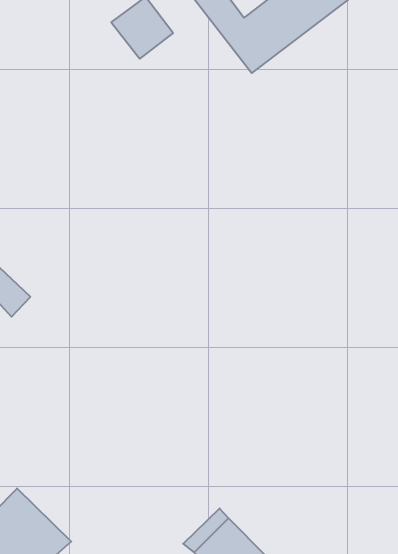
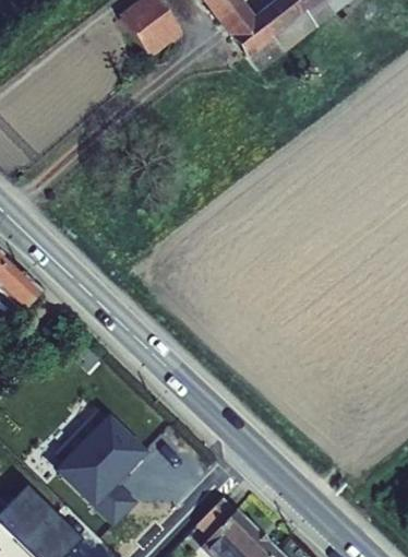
building: none -> [57,410,149,514]

